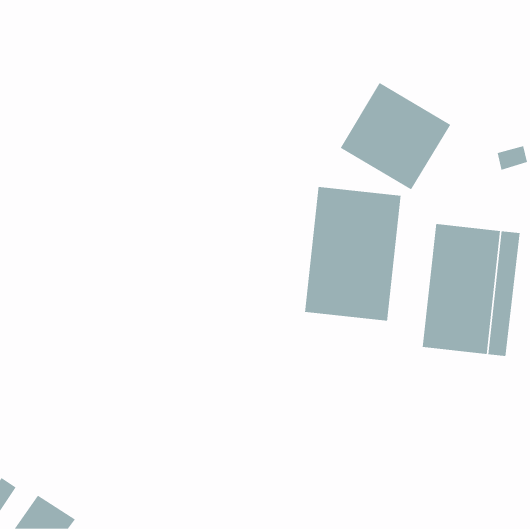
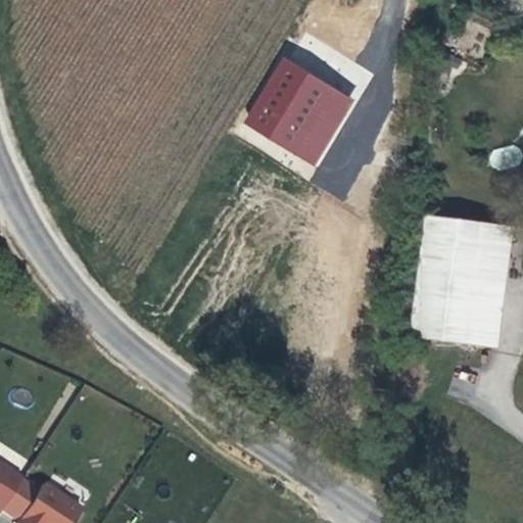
building: [340,82,451,190] -> [243,56,352,162]
building: [304,186,401,321] -> none

